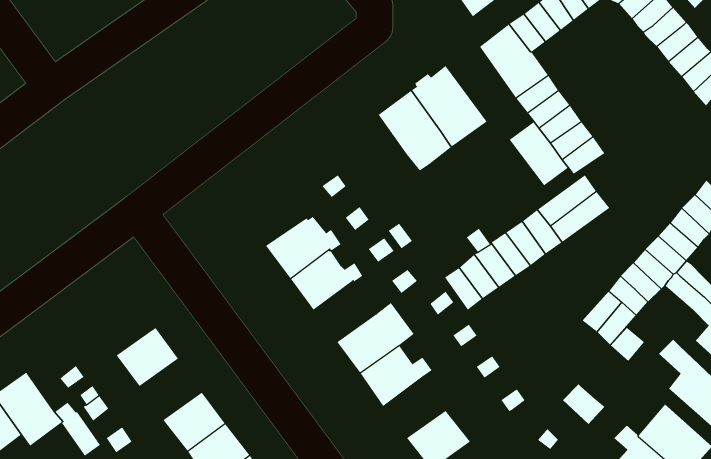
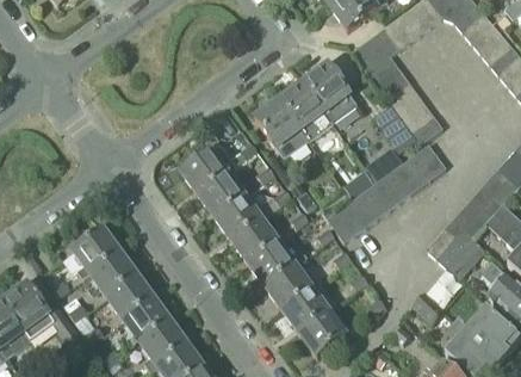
building: none -> [254,99,309,157]
building: none -> [181,149,236,193]
building: none -> [232,218,278,262]
building: none -> [74,228,119,278]
building: none -> [107,274,153,319]
building: none -> [283,283,336,332]

